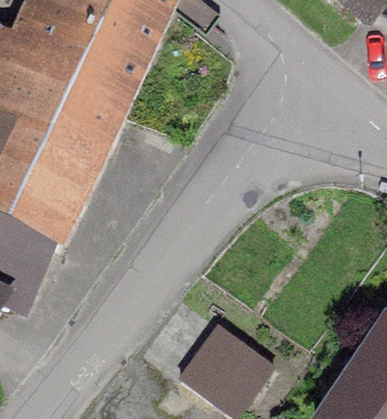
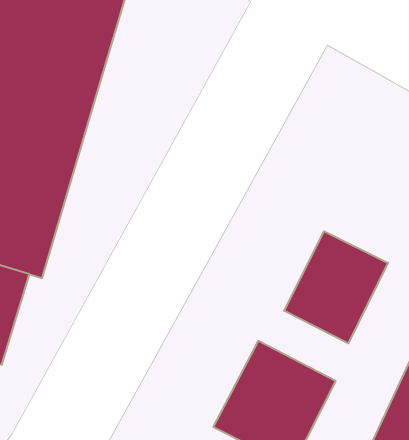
building: none -> [284,231,388,343]

